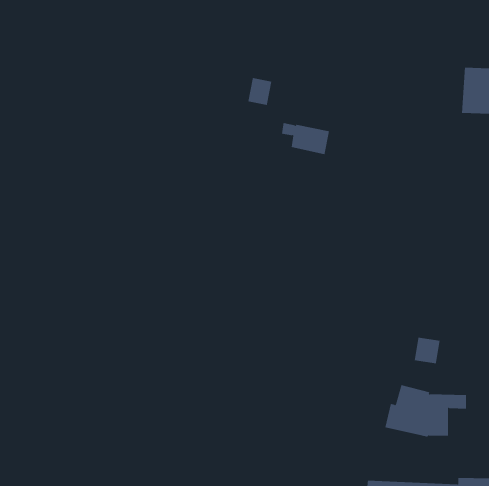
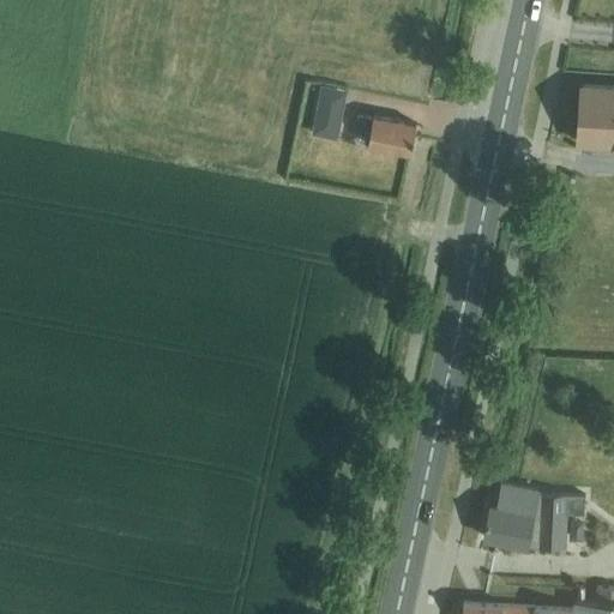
building: [281,122,330,155] -> [355,115,416,156]
building: [414,337,440,364] -> none

